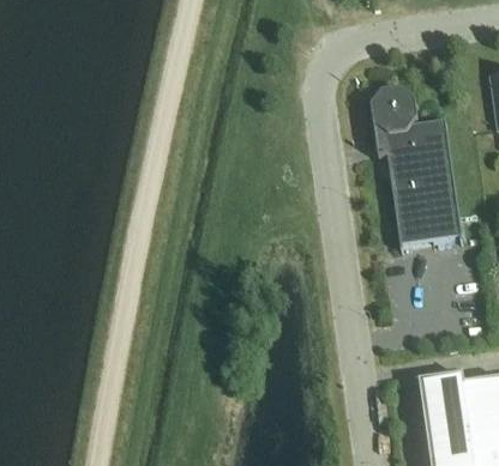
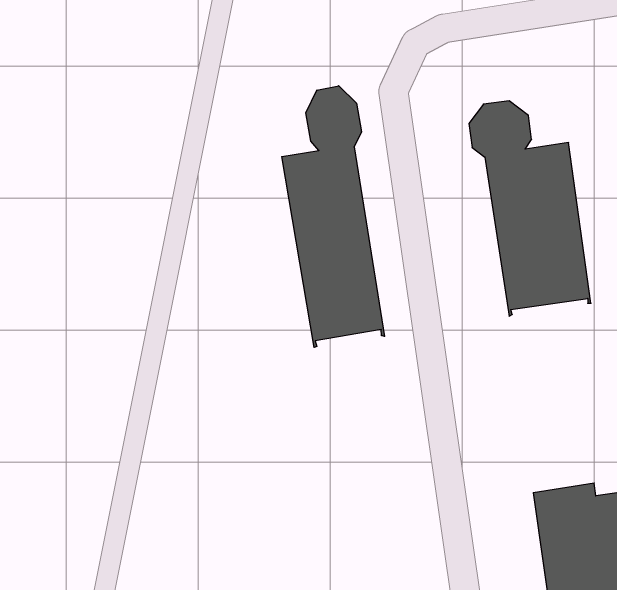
building: none -> [282,86,385,347]

